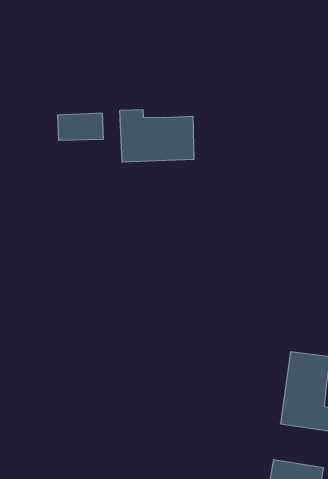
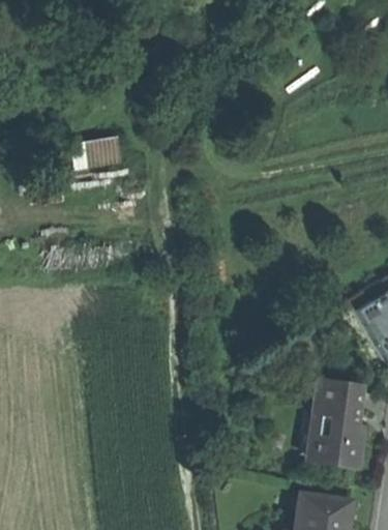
building: [120,110,194,162] -> none

